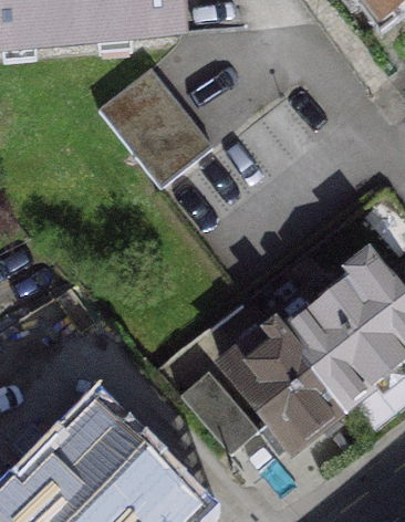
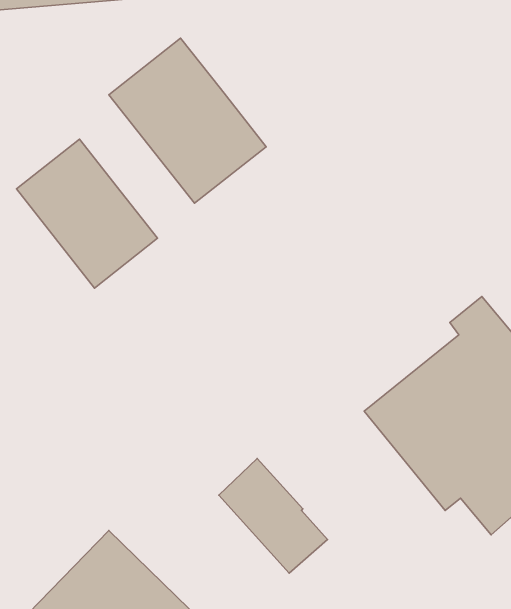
building: none -> [16,139,158,288]
building: [220,321,339,448] -> none

